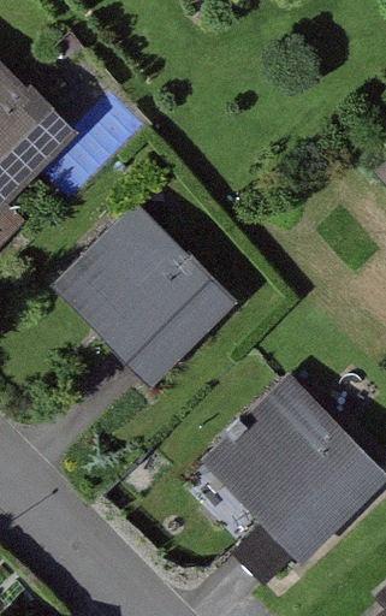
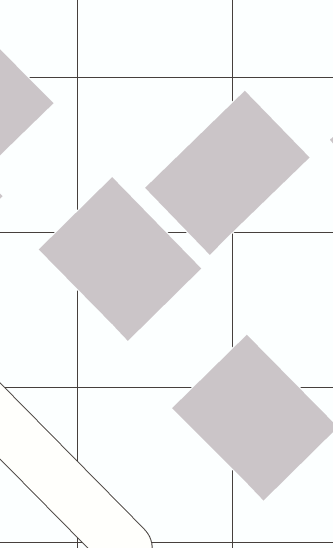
building: none -> [144,90,310,256]

